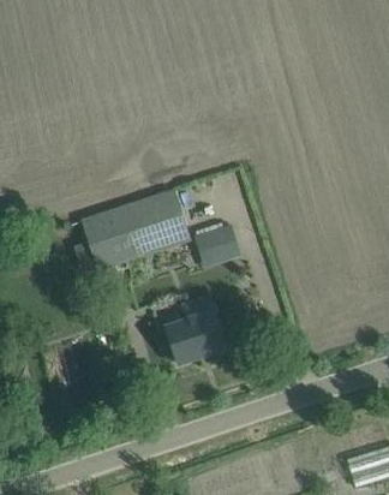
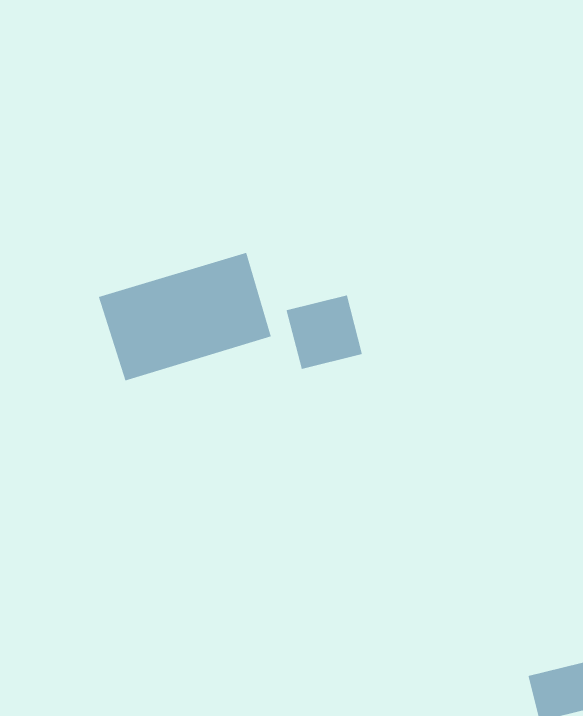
building: [163,296,222,362] -> none

